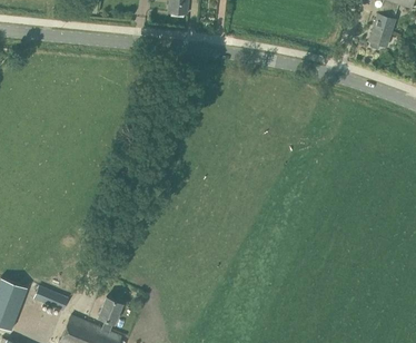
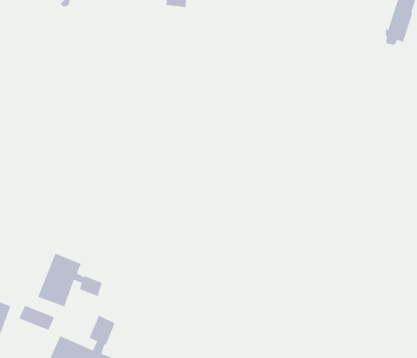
building: none -> [37,253,102,307]

